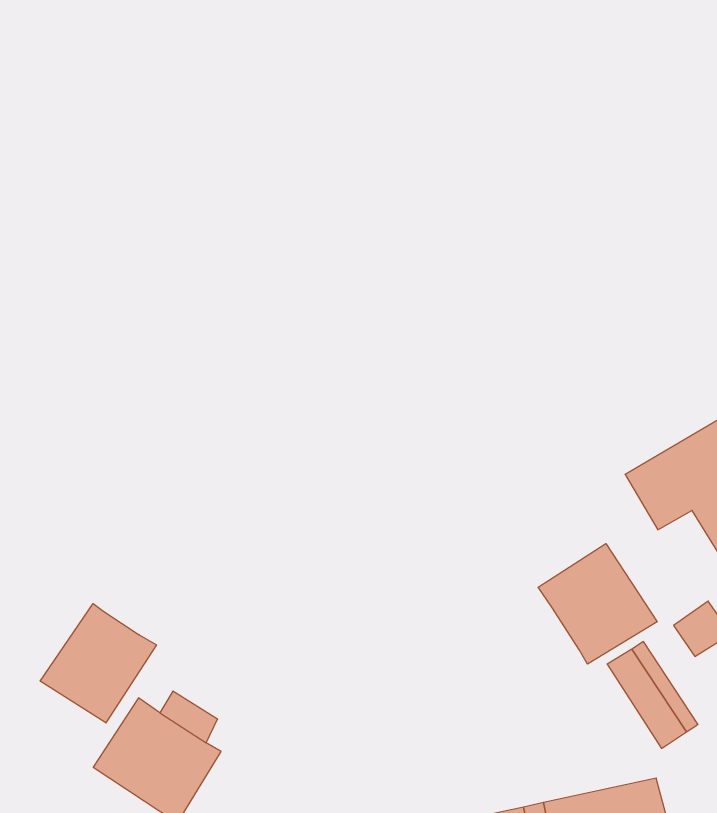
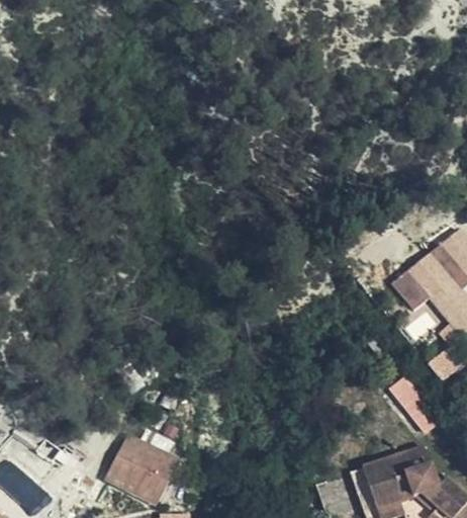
building: [538,544,657,664] -> none
building: [40,604,157,723] -> none

